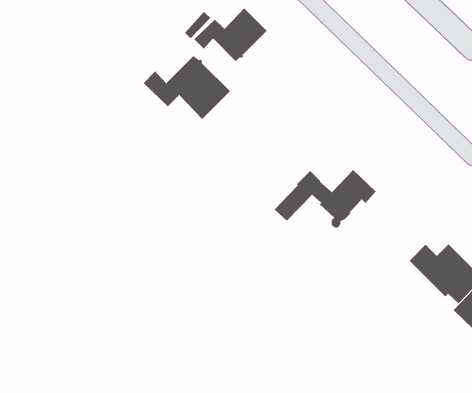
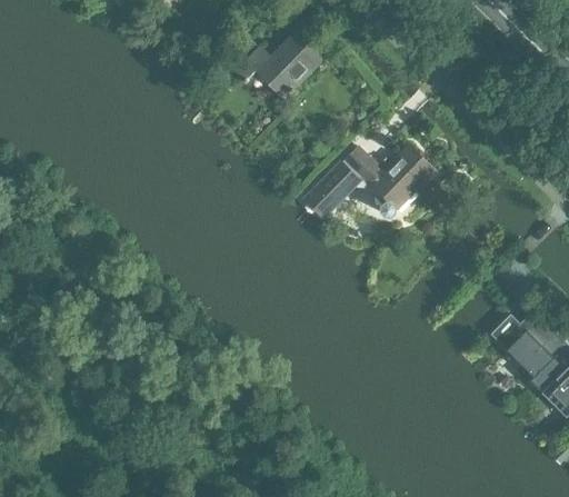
building: [143,55,231,120] -> none
building: [274,169,377,228] -> [313,146,436,216]

